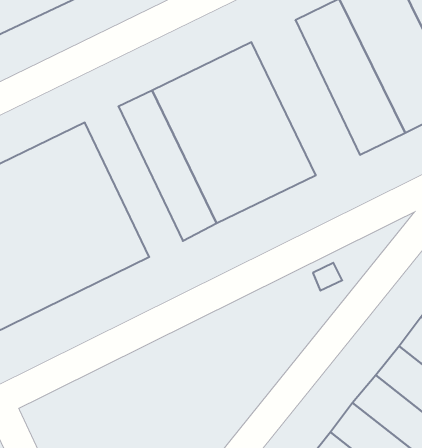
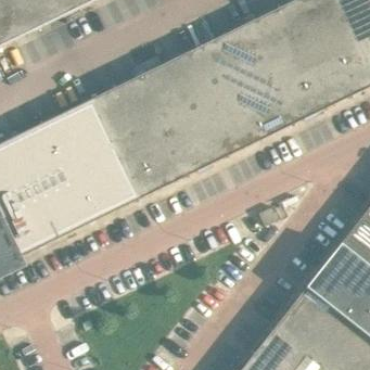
building: none -> [212,25,292,140]
building: none -> [88,89,161,201]

